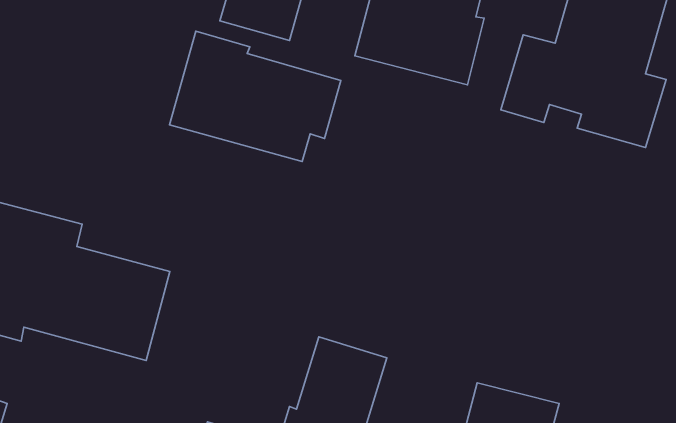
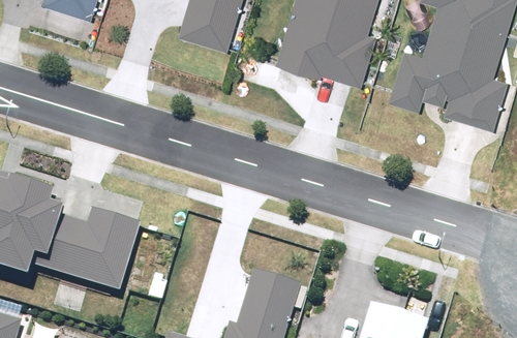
building: [169,31,341,162] -> none

